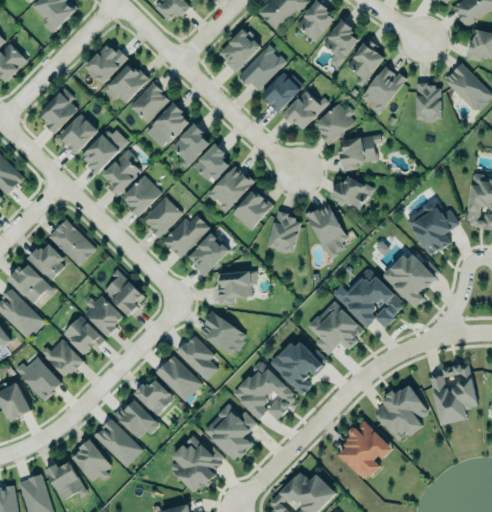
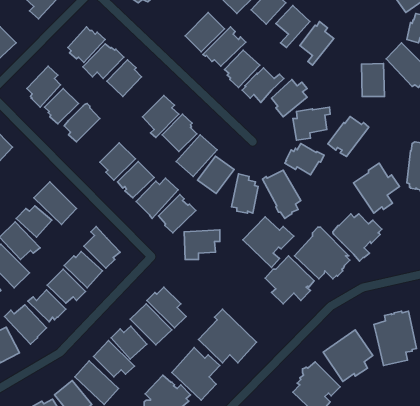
building: [360,66,406,111] -> [328,116,369,156]
building: [150,104,190,145] -> none
building: [102,148,142,195] -> none
building: [198,312,247,356] -> none
building: [271,339,328,396] -> [243,217,294,267]

